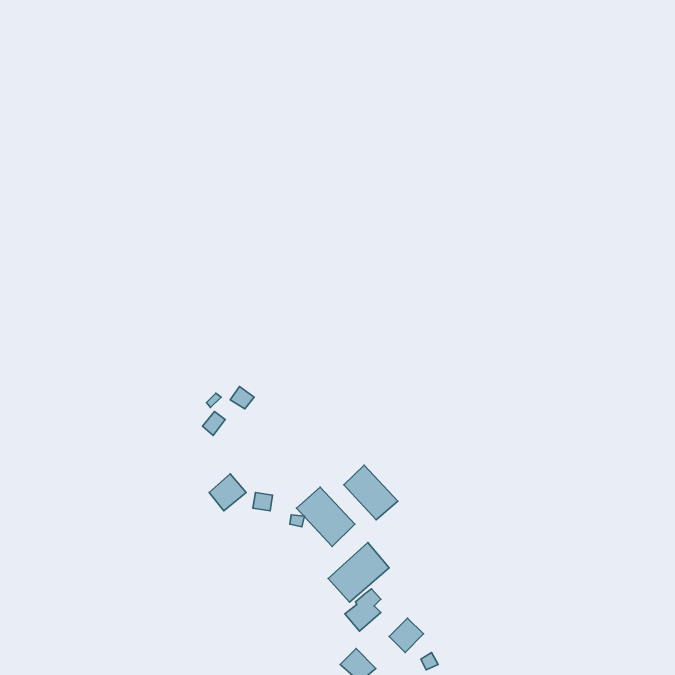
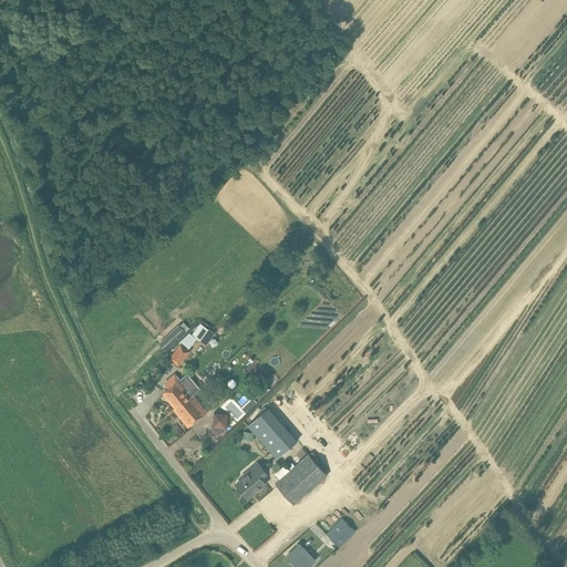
building: none -> [163,375,193,413]
building: [344,465,398,520] -> none
building: [345,589,381,631] -> [235,464,265,499]

